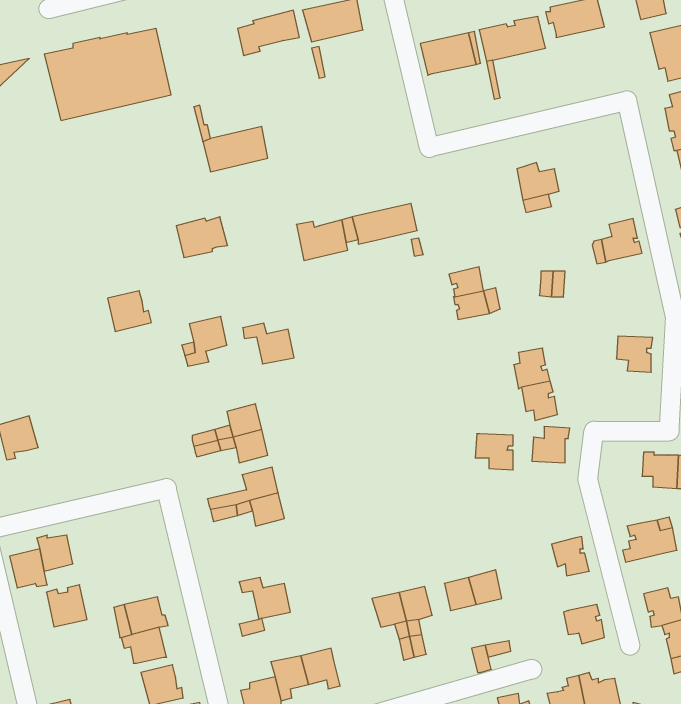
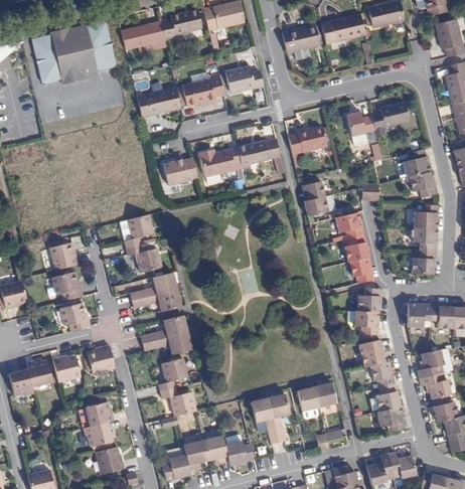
building: none -> [121,22,164,50]
building: none -> [225,66,264,94]
building: none -> [183,74,224,107]
building: none -> [371,104,408,137]
building: none -> [288,129,326,154]
building: [176,217,228,257] -> [163,158,197,185]
building: none -> [408,172,437,198]
building: [108,291,151,331] -> [49,243,79,271]
building: none -> [414,204,438,228]
building: none -> [335,212,363,238]
building: [243,323,294,364] -> [127,244,161,272]
building: none -> [412,251,436,275]
building: none -> [52,273,82,301]
building: [475,434,513,470] -> [353,311,378,335]
building: none -> [59,303,90,332]
building: none -> [407,303,431,328]
building: none -> [361,340,384,367]
building: none -> [88,346,115,373]
building: none -> [160,359,187,391]
building: none -> [419,372,451,399]
building: none -> [377,384,400,411]
building: [46,585,87,627] -> [52,353,80,381]
building: none -> [224,441,254,465]

